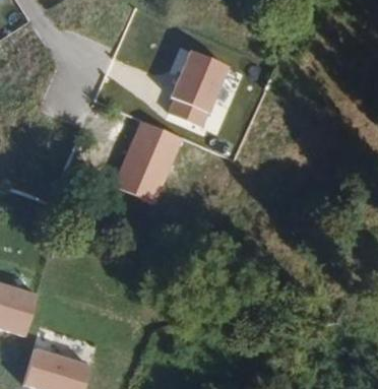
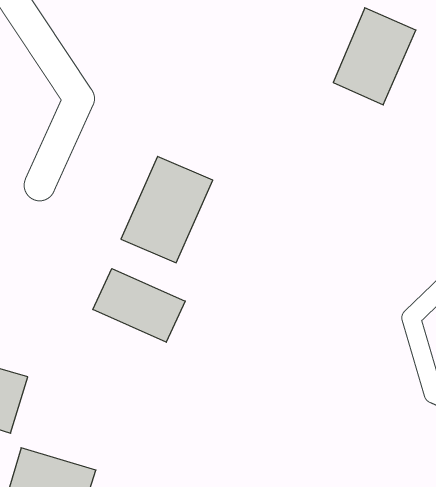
building: [167,52,231,127] -> [333,8,416,105]
building: none -> [93,269,185,342]

